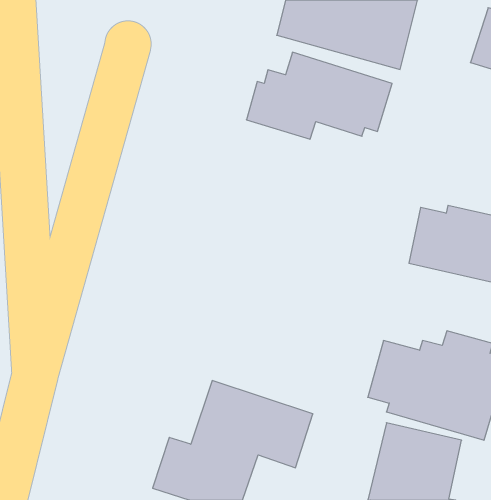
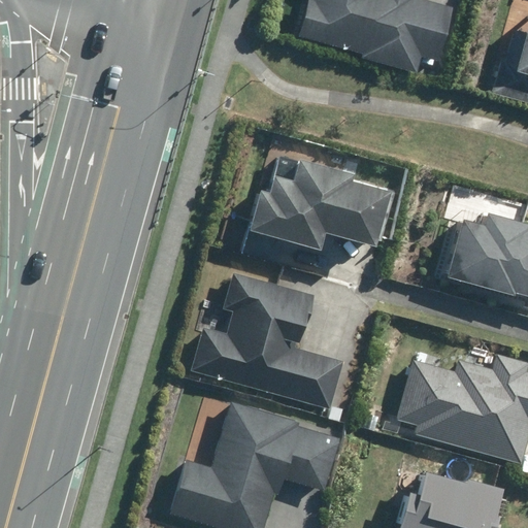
building: [246,52,392,139] -> [243,158,397,250]
building: none -> [196,272,341,409]

